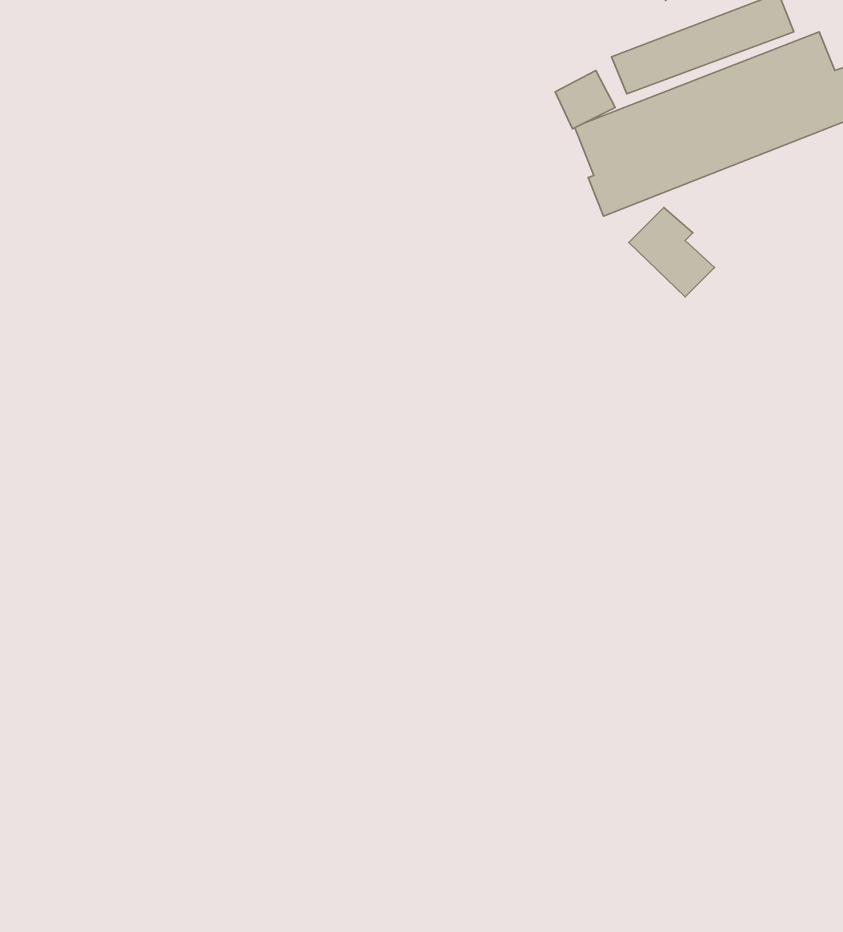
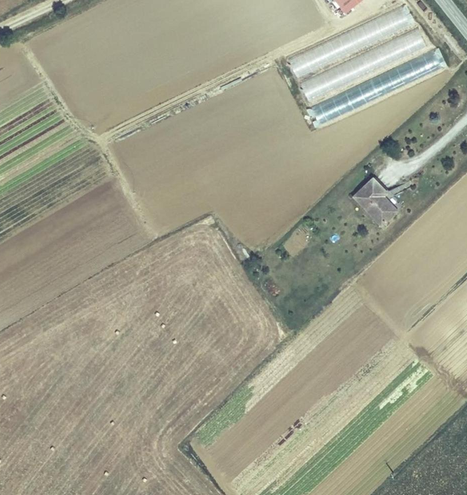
building: [629,207,714,297] -> [354,180,398,226]

